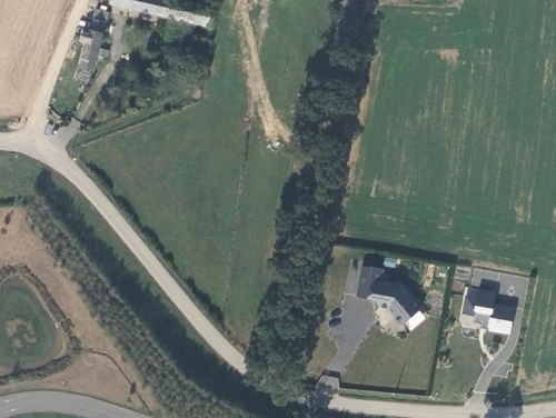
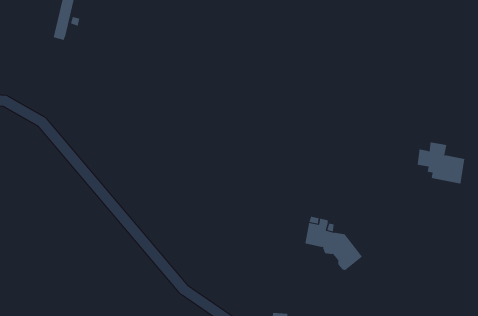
building: [460,286,514,332] -> [417,142,465,184]

